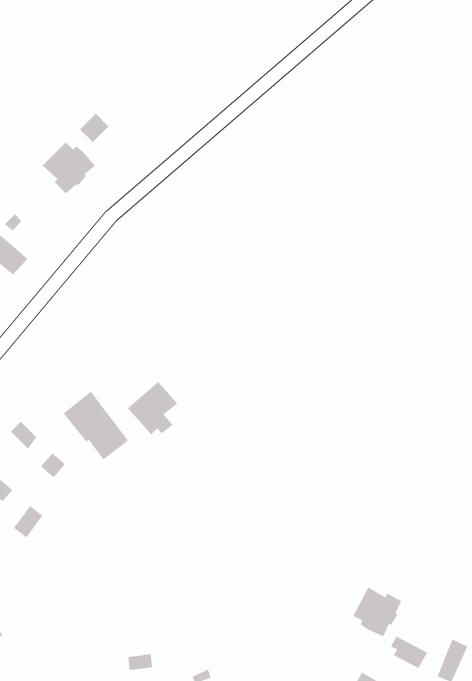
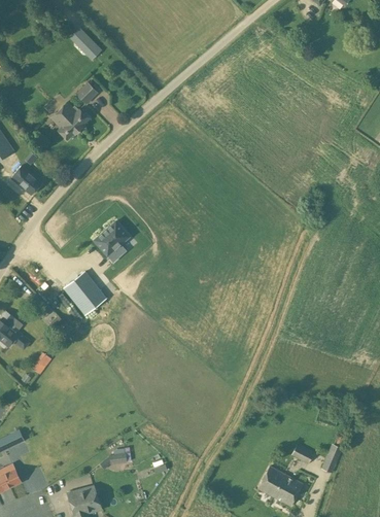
building: none -> [69,27,102,60]
building: [127,381,178,435] -> [94,221,129,258]
building: [353,587,402,637] -> none

